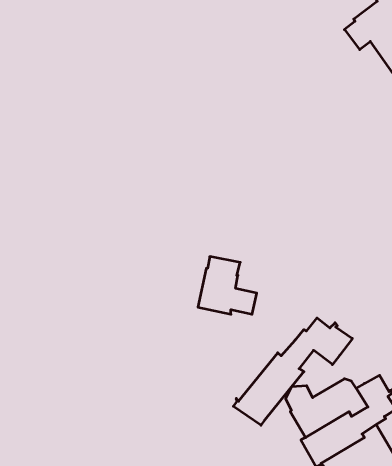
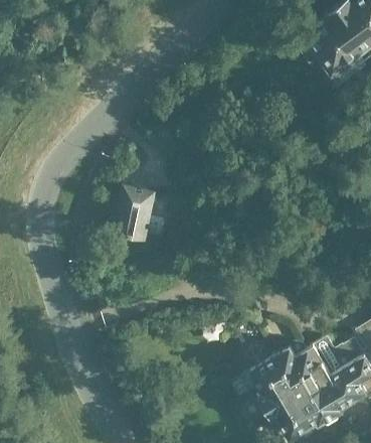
building: [198,257,257,314] -> [116,193,166,243]
building: [233,318,352,425] -> none

